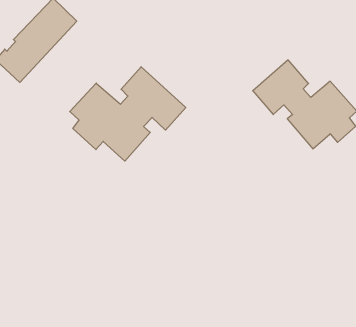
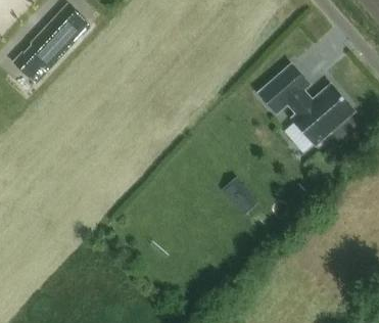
building: [70,67,186,161] -> none

